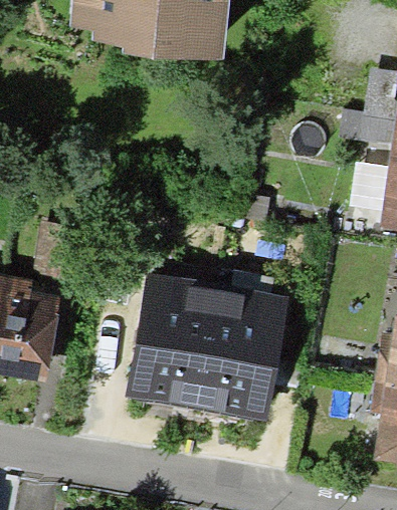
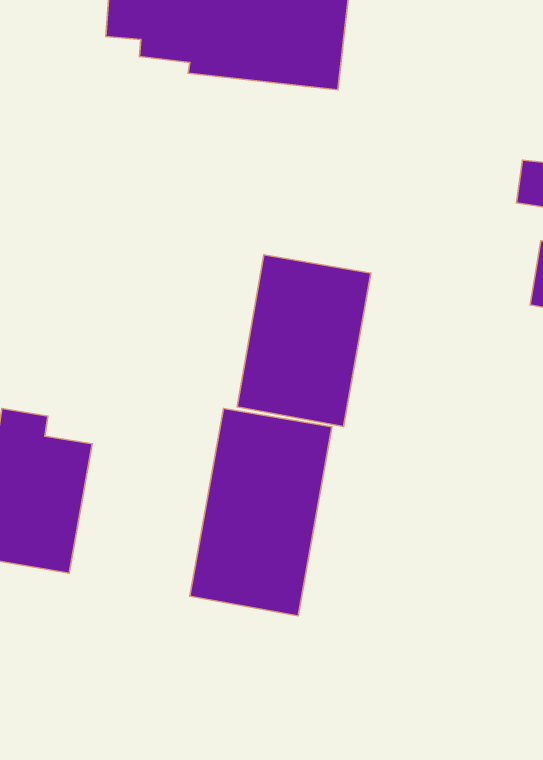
building: none -> [237,255,371,426]
building: [197,284,289,422] -> none

